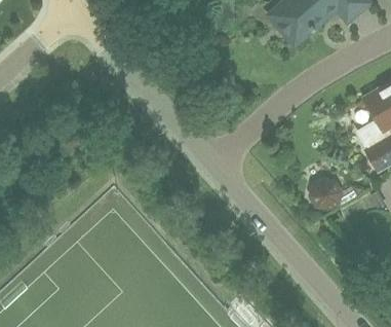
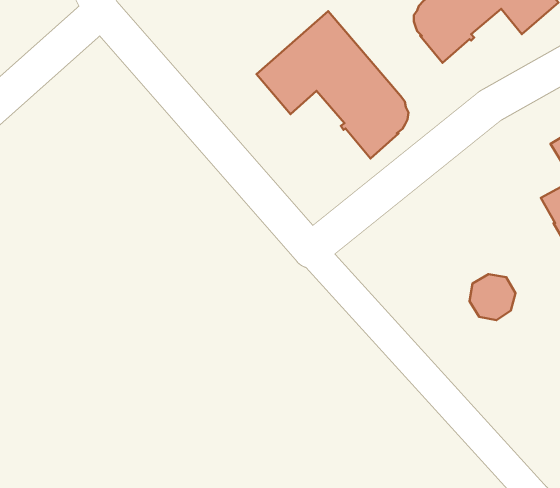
building: none -> [257,11,408,158]

